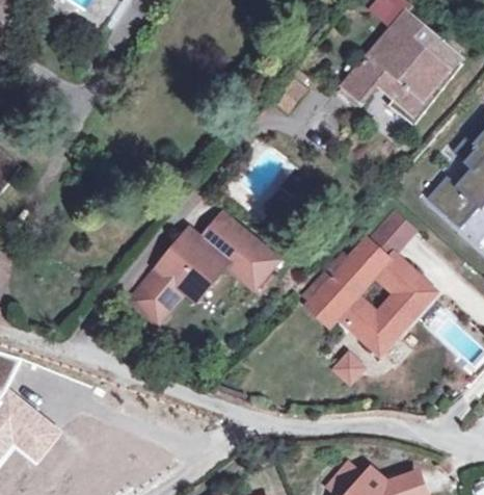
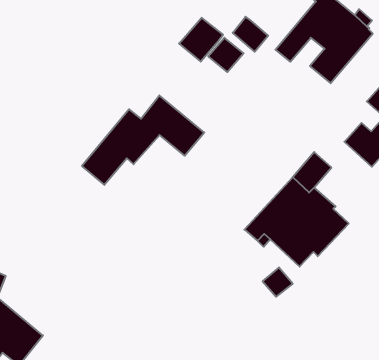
building: none -> [233,17,268,52]
building: none -> [179,18,223,62]
building: [129,217,276,325] -> [82,95,204,185]

